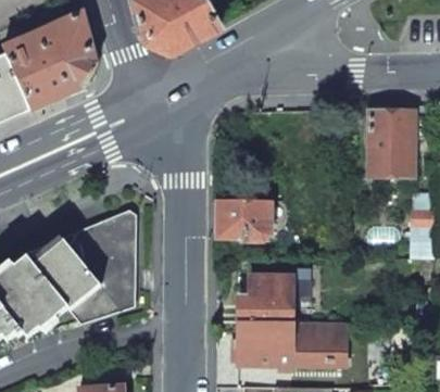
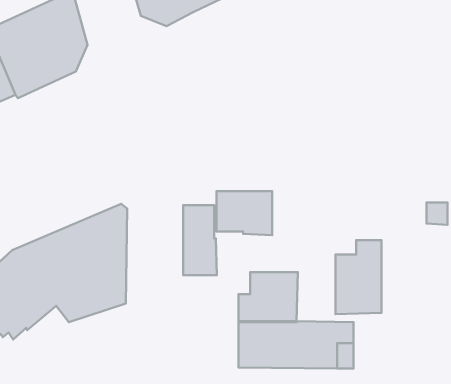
building: [369,111,413,177] -> none
building: none -> [183,205,217,275]
building: none -> [335,240,381,314]

